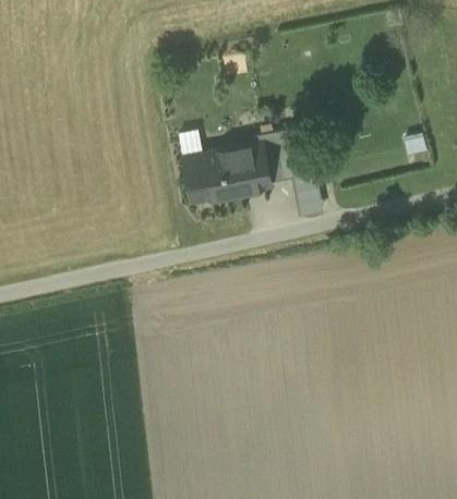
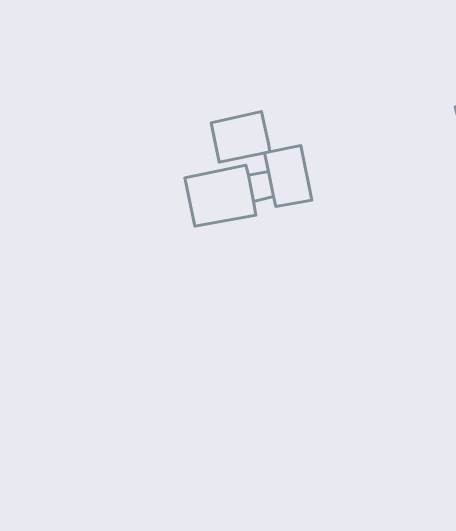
building: none -> [211,112,270,162]

